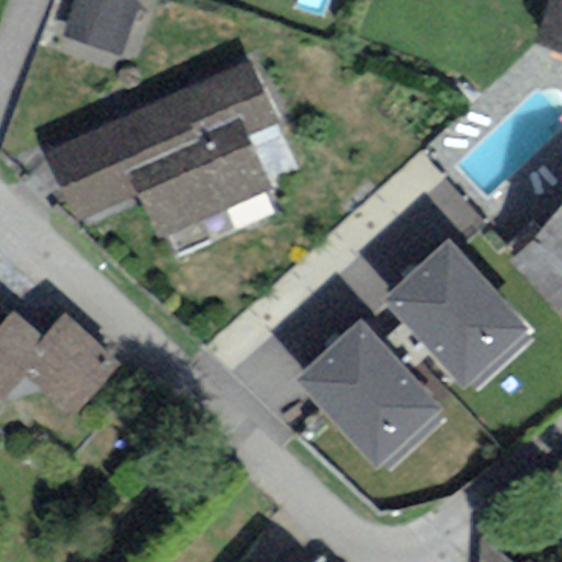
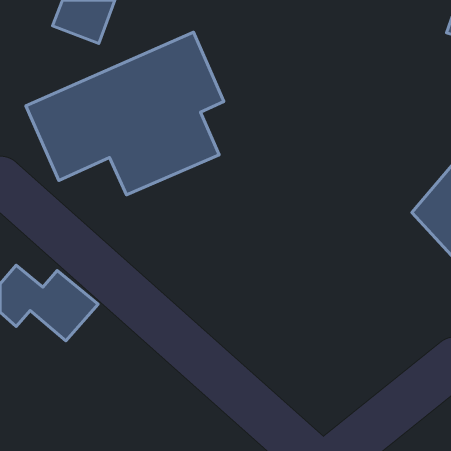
building: [385,233,539,389] -> none
building: [297,324,440,467] -> none

